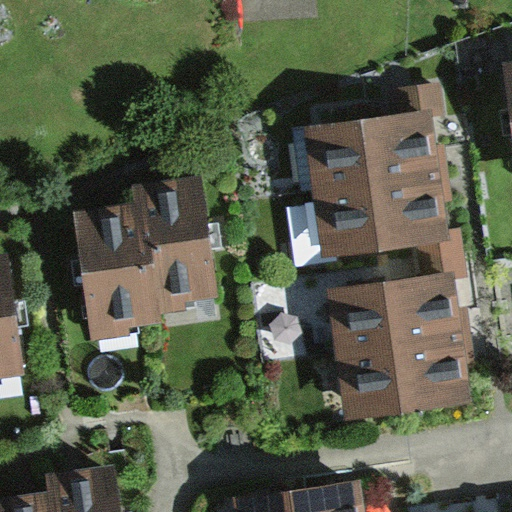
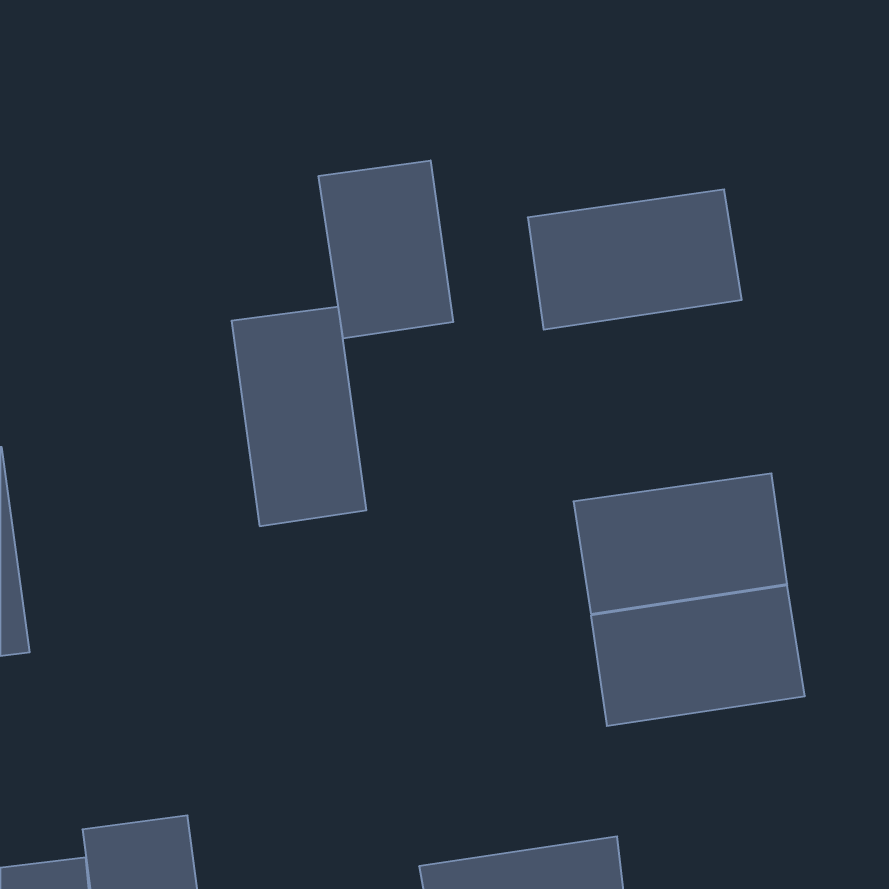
building: none -> [319,160,453,339]
building: [315,176,436,256] -> none
building: [77,203,154,328] -> none

